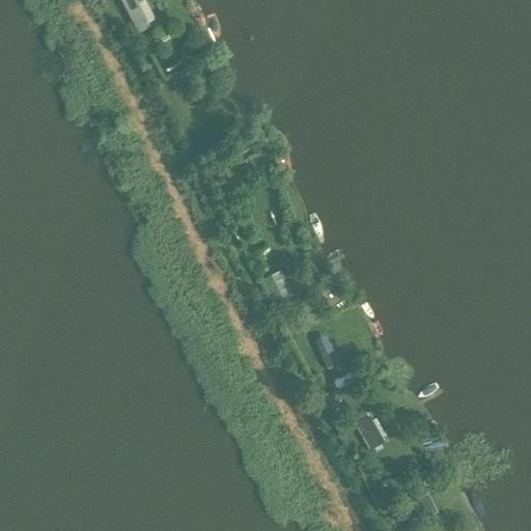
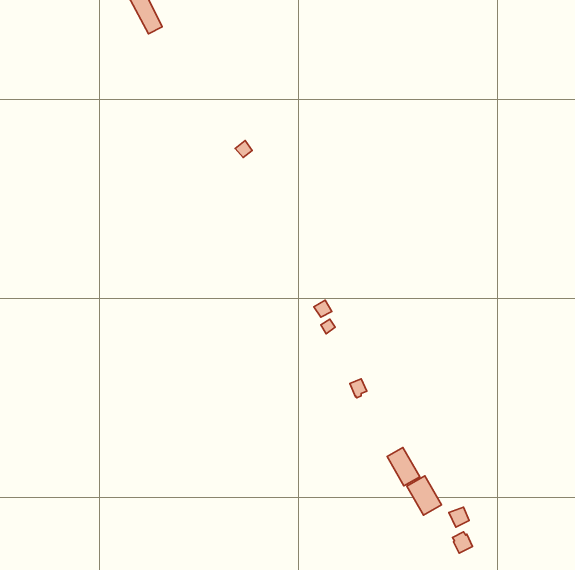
building: none -> [407,476,442,515]

